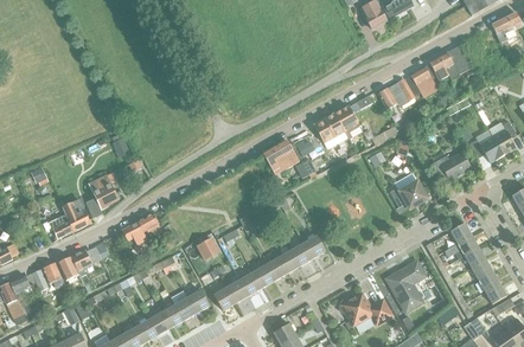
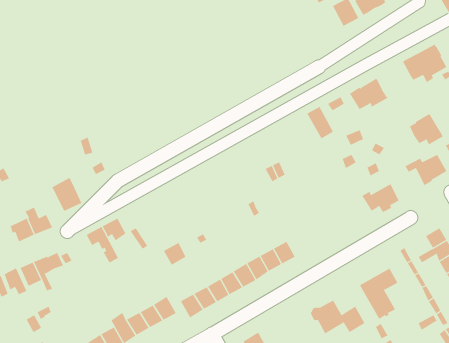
building: [404,66,437,97] -> [409,113,443,145]
building: [307,113,350,143] -> none
building: [263,140,299,174] -> none

